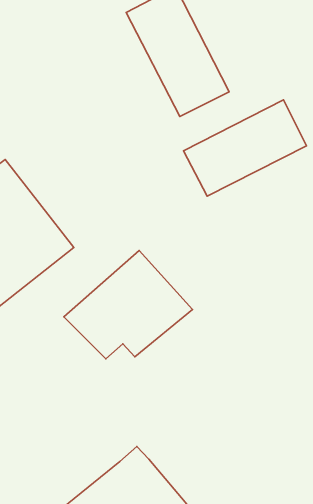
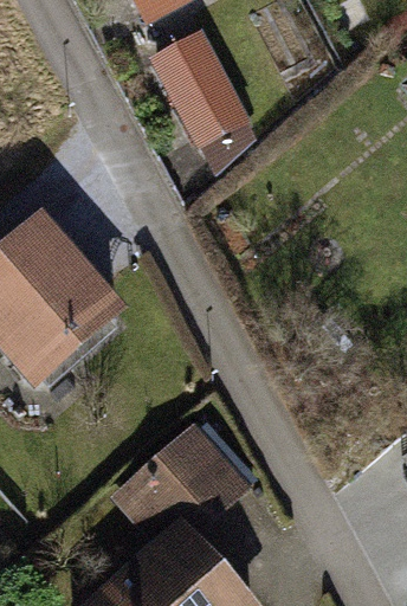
building: [184,100,306,196] -> none
building: [64,250,193,359] -> [106,431,248,550]

